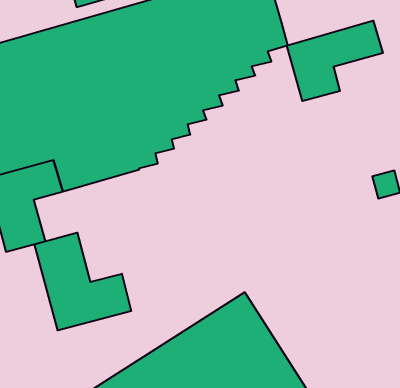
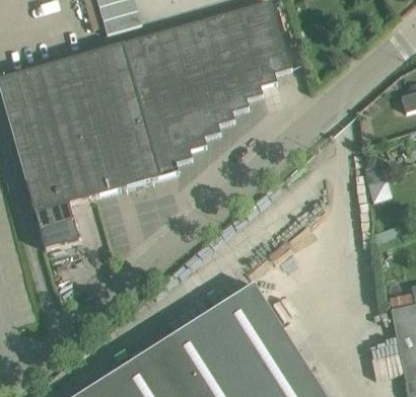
building: [287,21,383,101] -> none
building: [34,233,131,330] -> none

